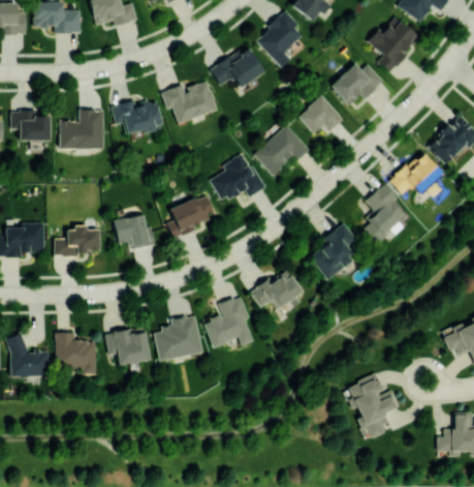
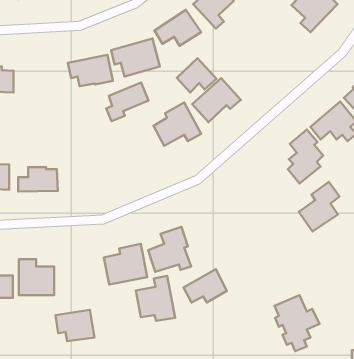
building: [330,63,384,104] -> none
building: [297,94,343,133] -> [177,58,216,92]
building: [59,109,103,149] -> none
building: [167,193,216,238] -> [106,82,148,121]
building: [114,213,156,250] -> none
building: [310,222,356,279] -> [299,182,340,232]
building: [250,269,299,307] -> [183,269,227,303]
building: [105,328,150,364] -> [56,310,94,341]
building: none -> [136,276,175,321]

